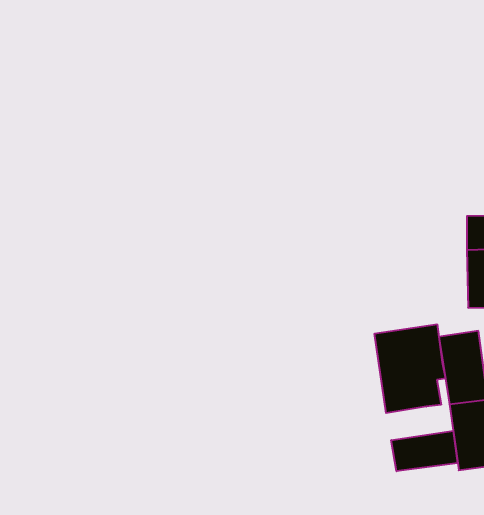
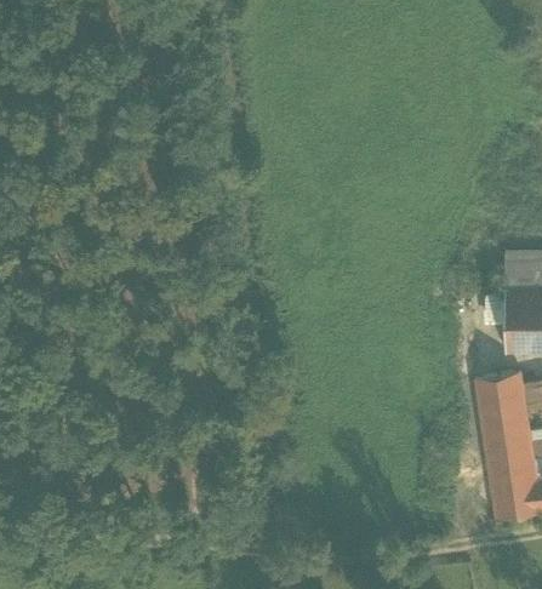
building: [375,324,445,413] -> none
building: [391,431,458,471] -> none

